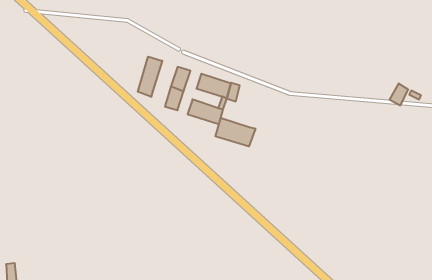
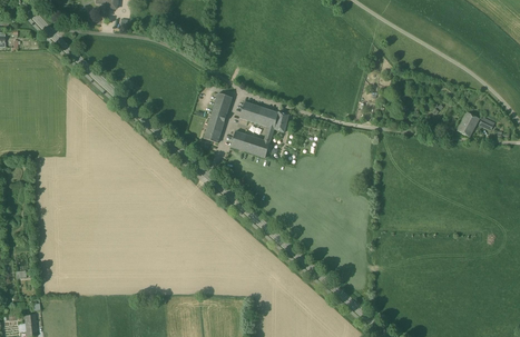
building: [138,57,162,97] -> none
building: [215,118,255,146] -> none

